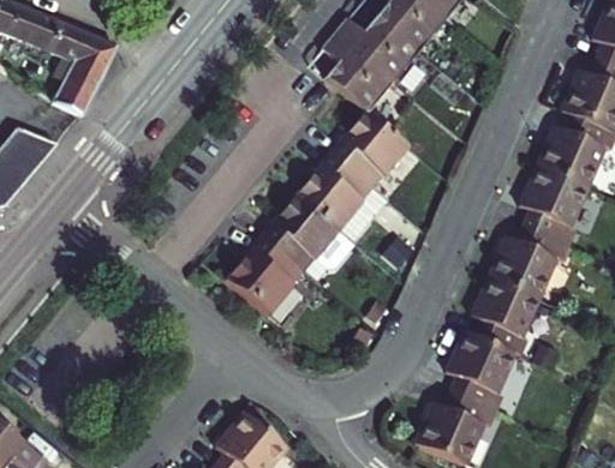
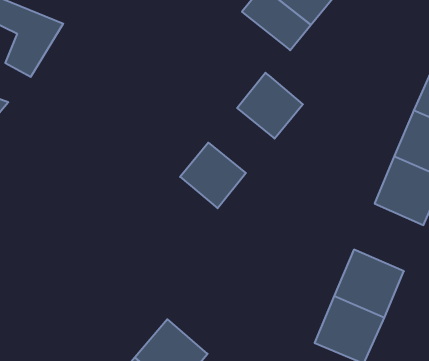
building: [310,34,394,112] -> none
building: [294,151,375,230] -> none
building: [225,235,305,316] -> none
building: [472,268,557,350] -> none

